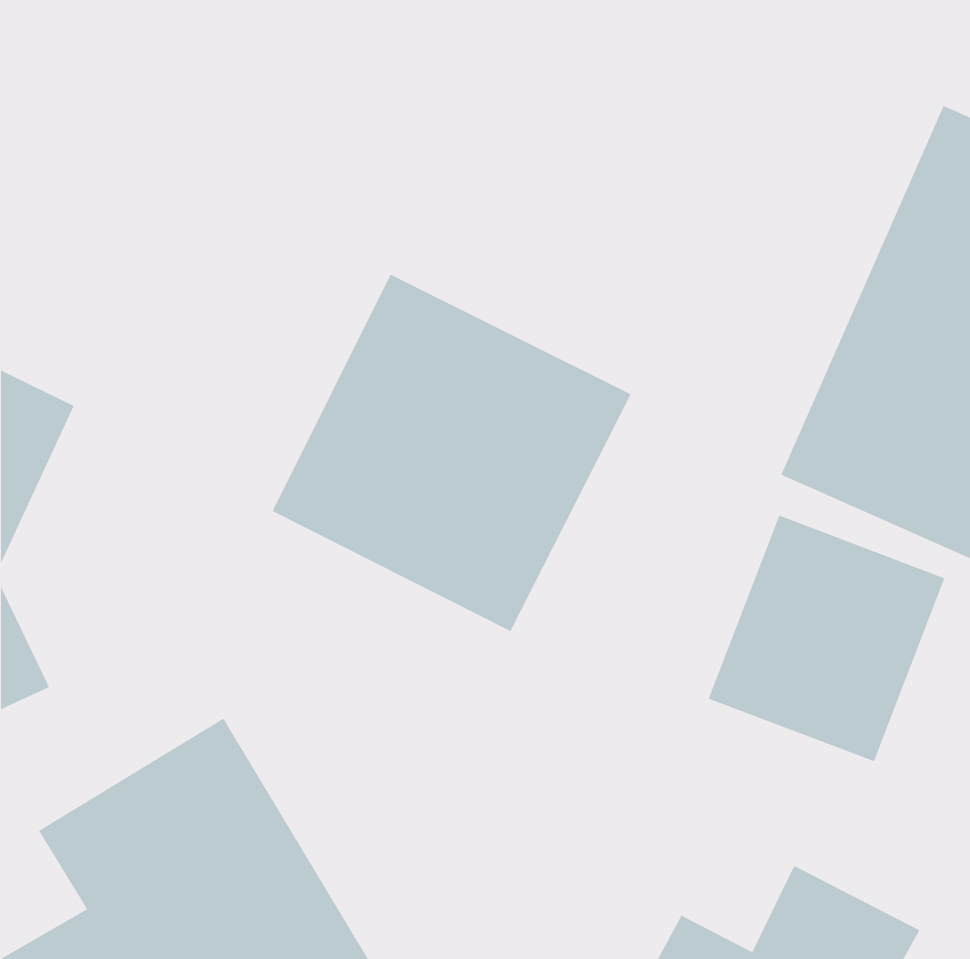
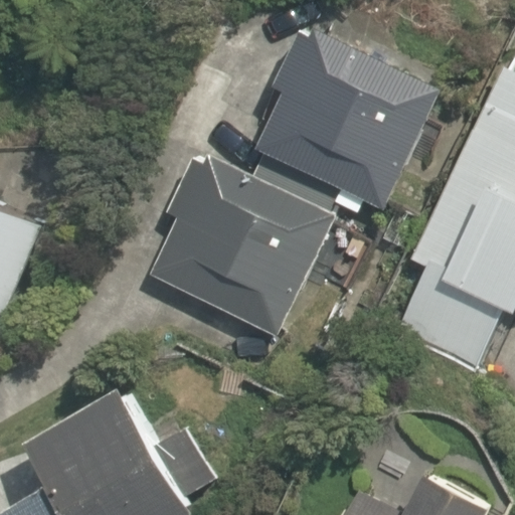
building: none -> [246,24,436,206]

